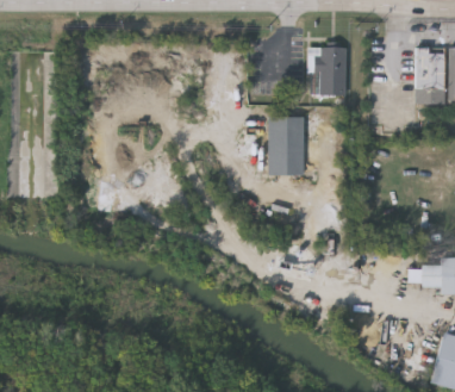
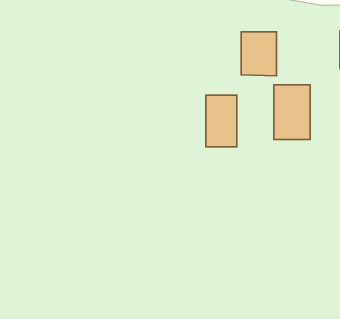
building: none -> [274,85,310,139]

